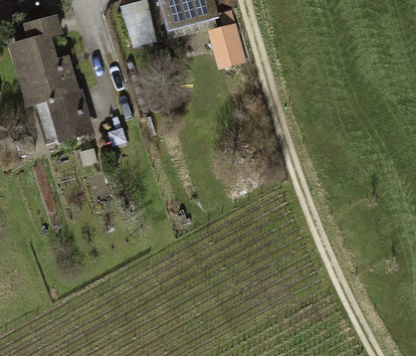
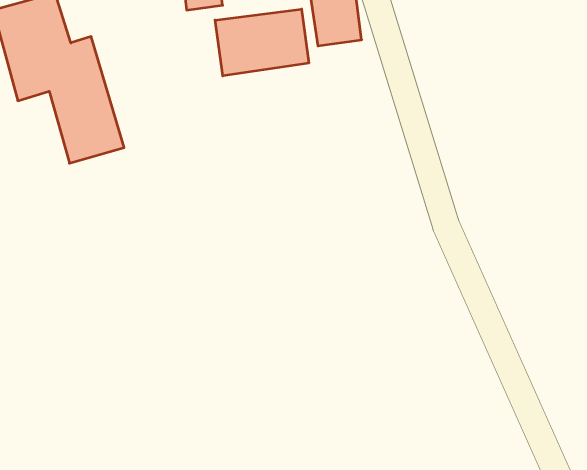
building: none -> [215,9,309,76]

